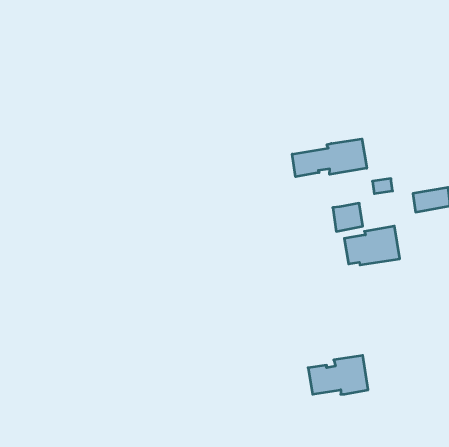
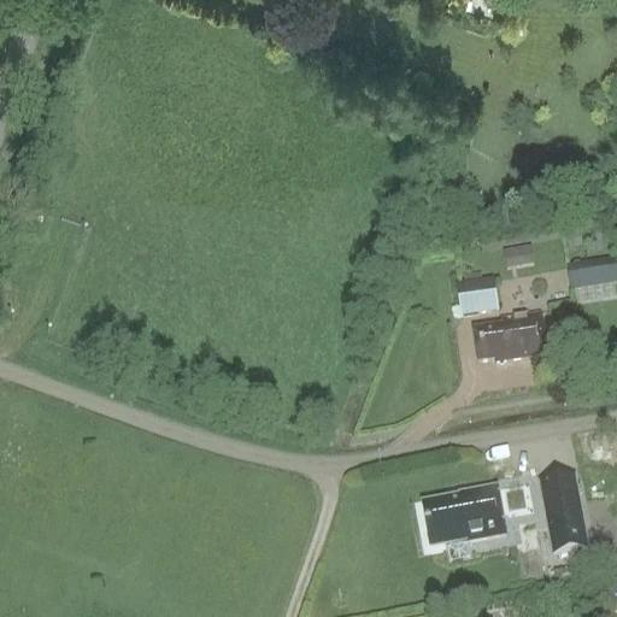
building: [292,139,367,177] -> none
building: none -> [541,475,586,550]

